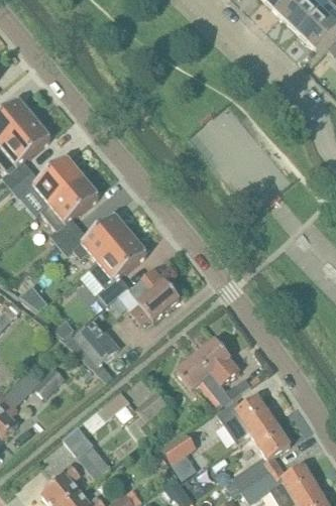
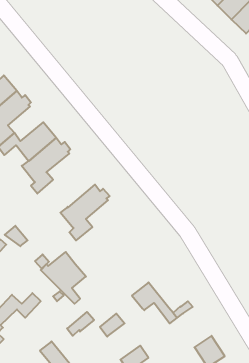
building: [61,216,131,263] -> none
building: [129,268,180,324] -> none
building: [197,339,240,386] -> none
building: [234,393,274,434] -> none

